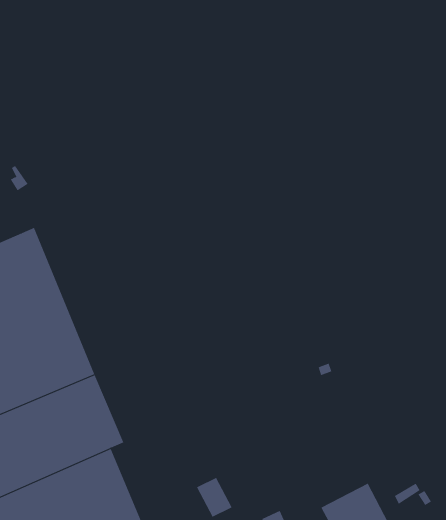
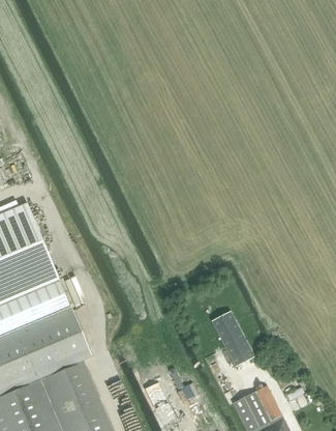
building: none -> [212,312,254,367]

